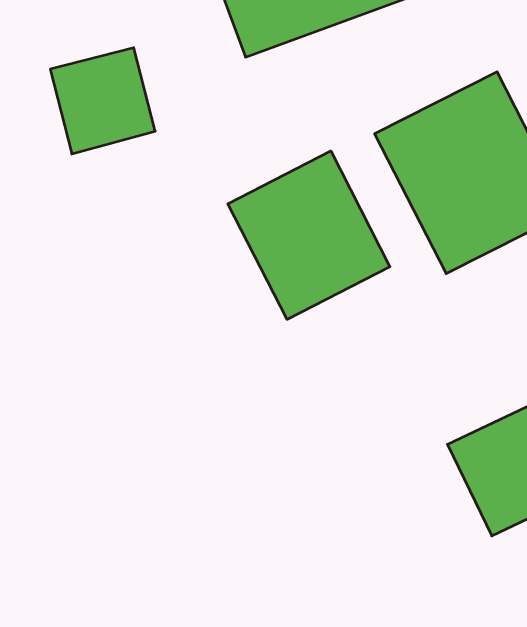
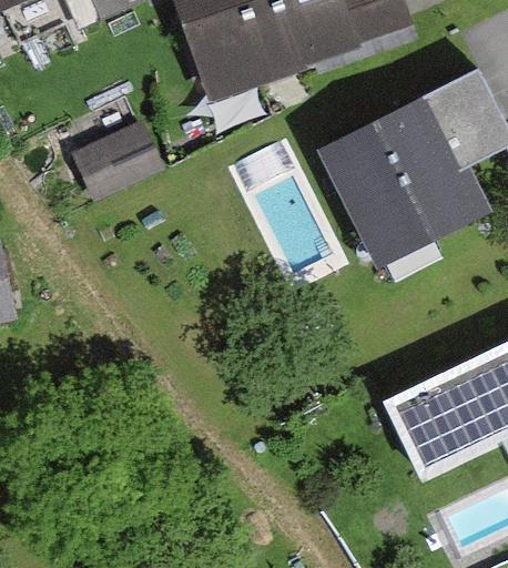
building: [228,151,390,319] -> none

